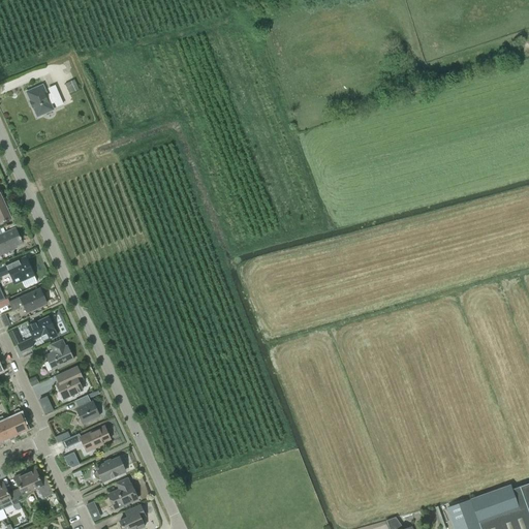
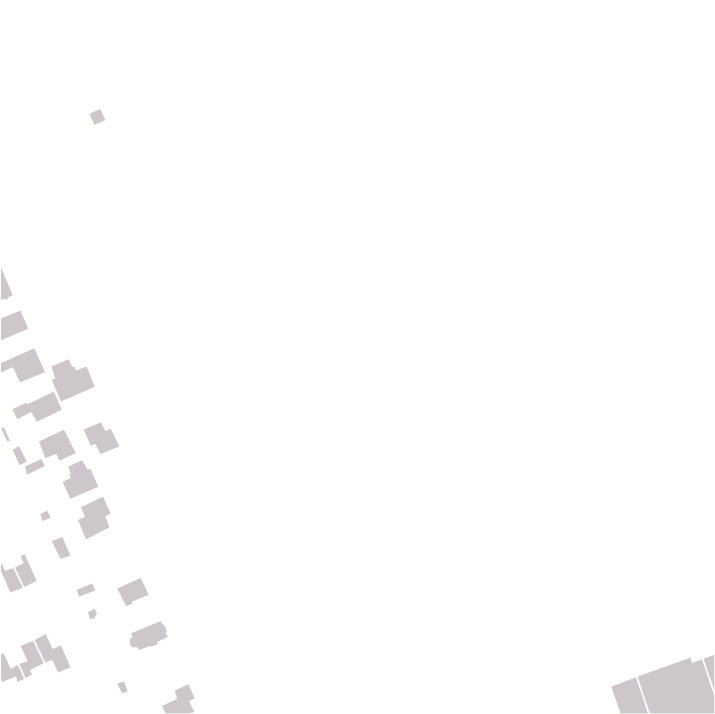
building: [26,85,62,117] -> none
building: none -> [50,358,96,402]
building: none -> [83,421,121,455]
building: [74,395,99,423] -> none
building: [107,477,137,508] -> none

